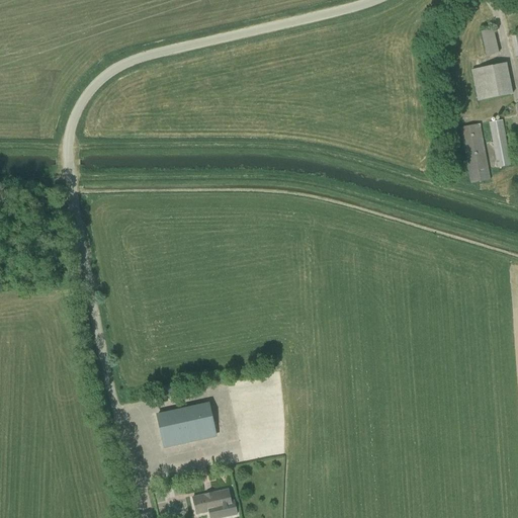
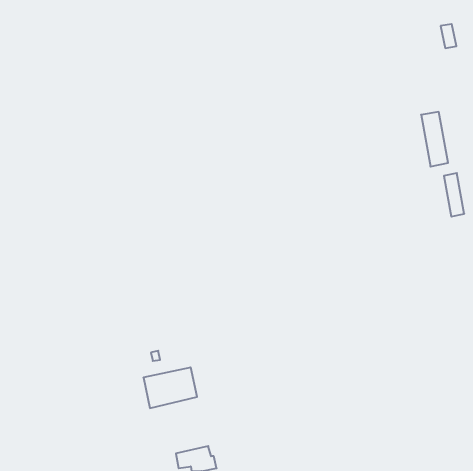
building: [471,63,513,99] -> none
building: [489,118,511,166] -> [444,173,464,217]

